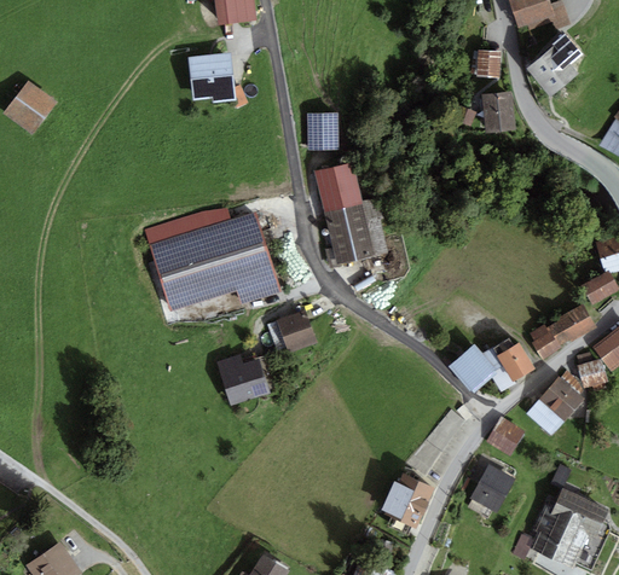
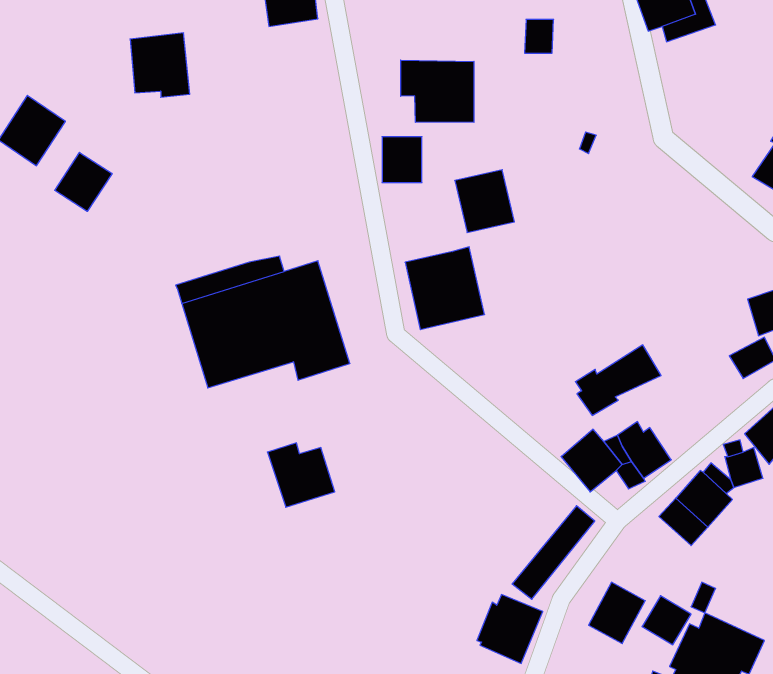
building: [527,33,583,97] -> none
building: [478,50,501,76] -> [525,19,554,53]
building: none -> [401,60,474,122]
building: [189,52,236,103] -> [130,33,190,97]
building: [482,91,516,133] -> none
building: none -> [55,152,112,211]
building: [316,162,363,211] -> [455,170,514,233]
building: [530,303,597,359] -> [575,345,661,415]
building: [277,308,318,353] -> none
building: [486,417,525,455] -> [642,596,691,645]

